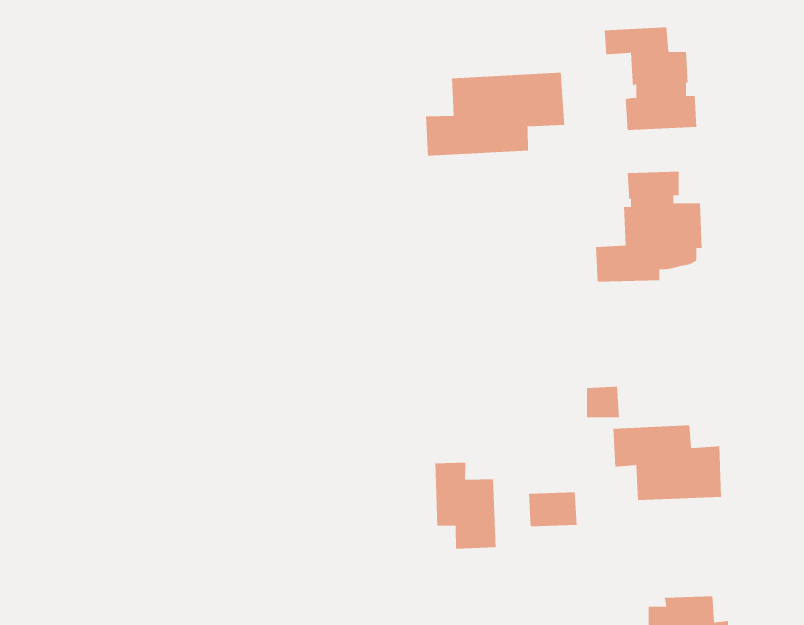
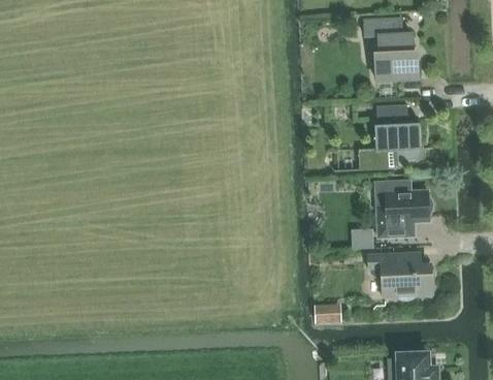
building: [426,72,565,157] -> none
building: none -> [376,181,432,237]
building: [435,462,496,550] -> none

